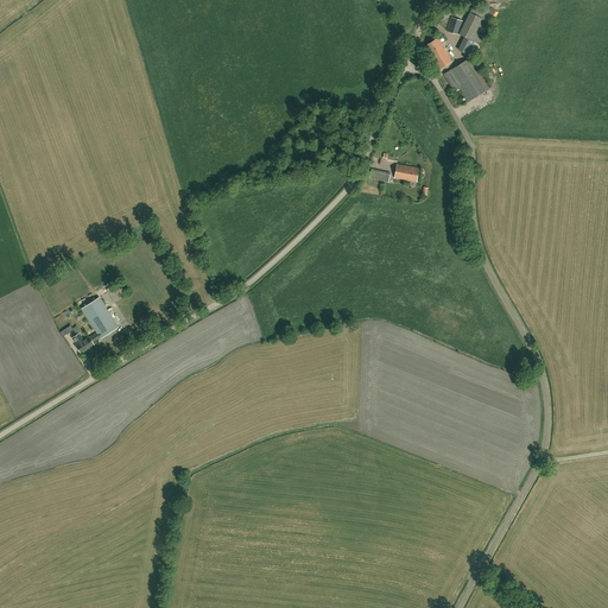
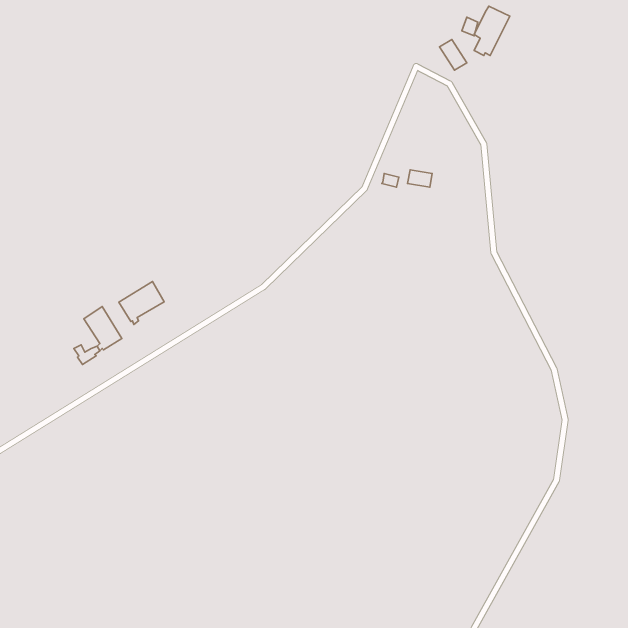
building: [443,57,488,101] -> none
building: none -> [119,281,164,324]

